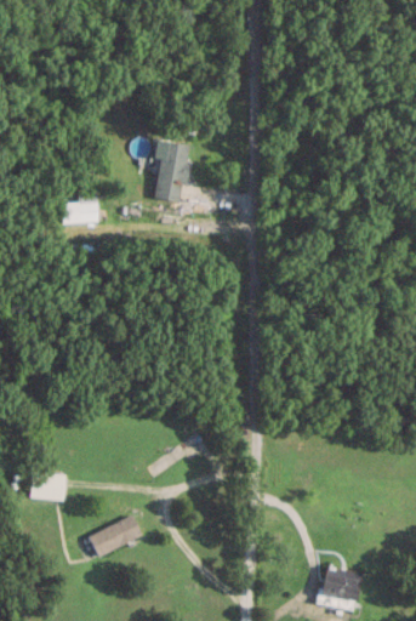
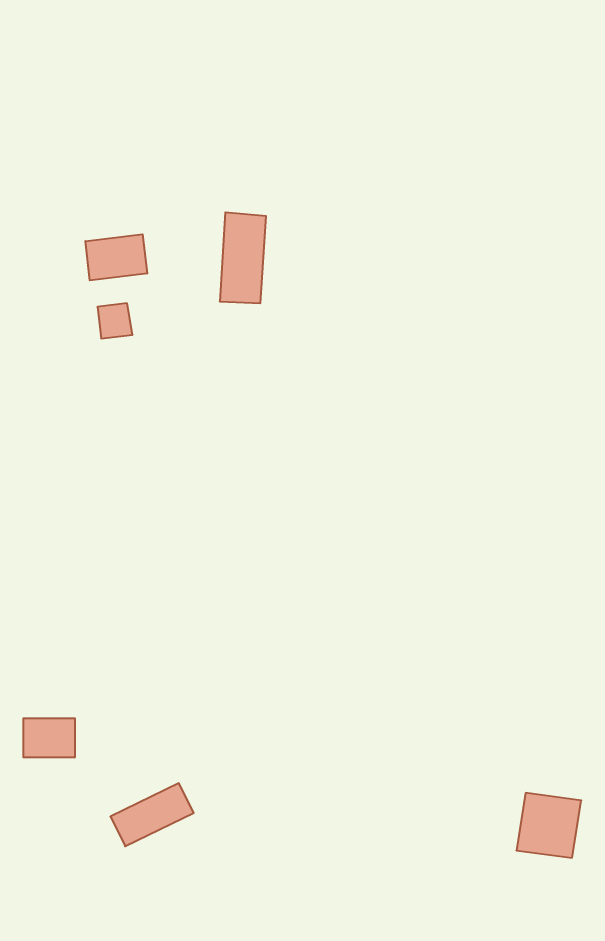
building: none -> [85,234,147,280]
building: [318,568,360,610] -> [516,793,581,858]

